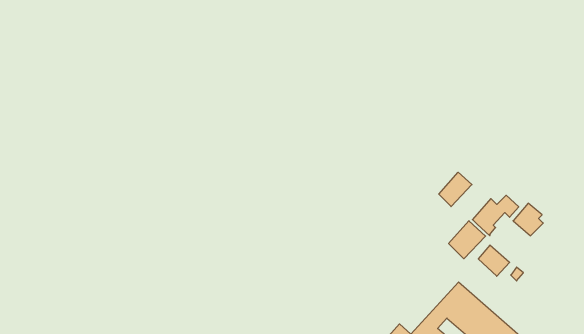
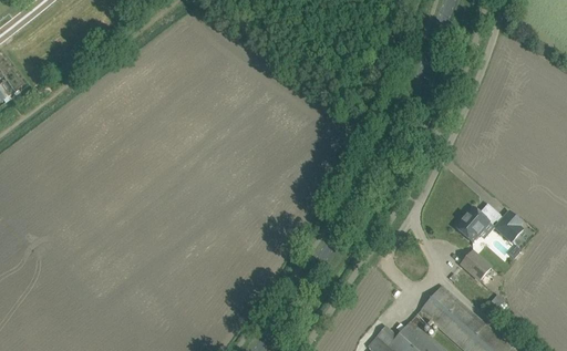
building: [439,172,472,207] -> none
building: [449,221,486,259] -> none

